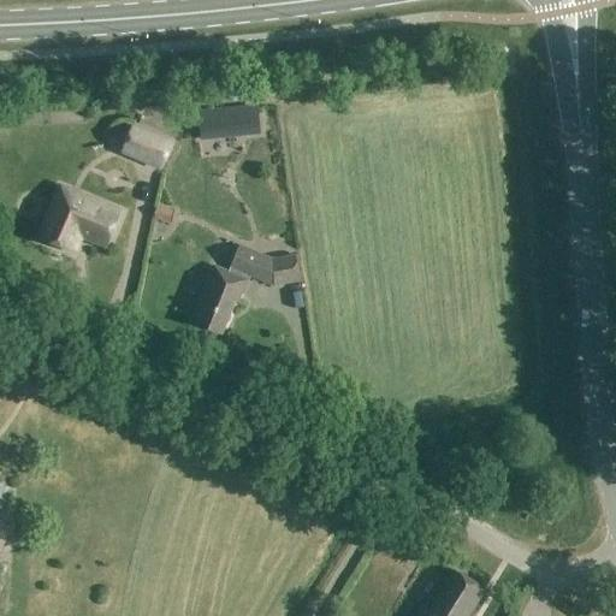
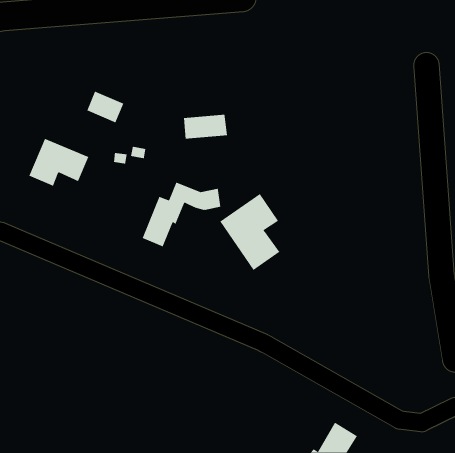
building: [197,105,257,138] -> [183,114,228,139]
building: none -> [219,193,280,271]

